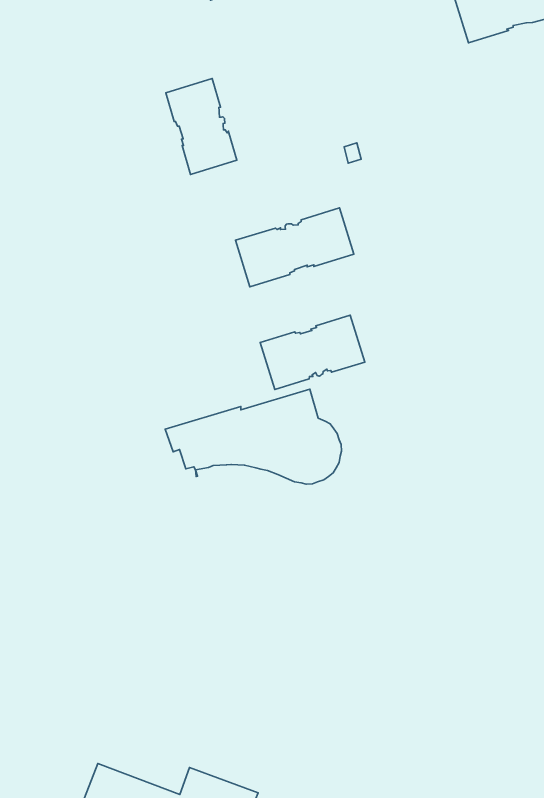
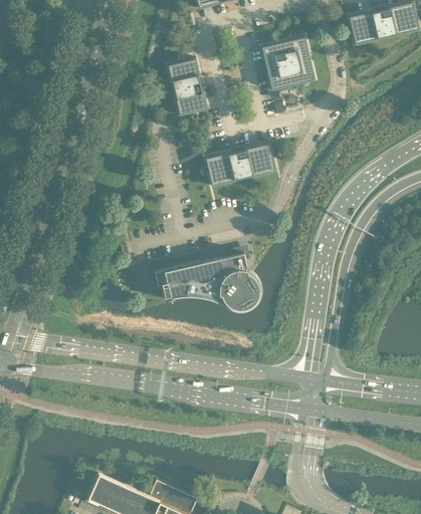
building: none -> [259,37,314,91]
building: [260,315,365,389] -> none

